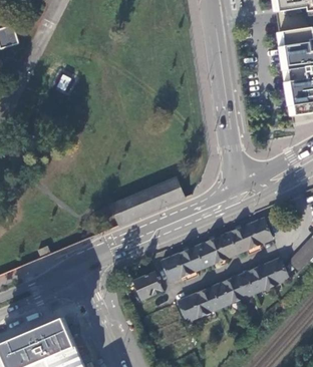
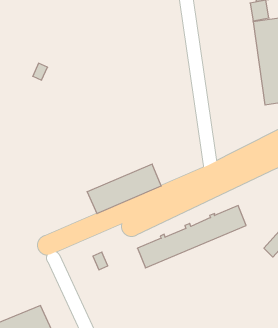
building: [177,258,288,321] -> none
building: [132,272,161,299] -> none

